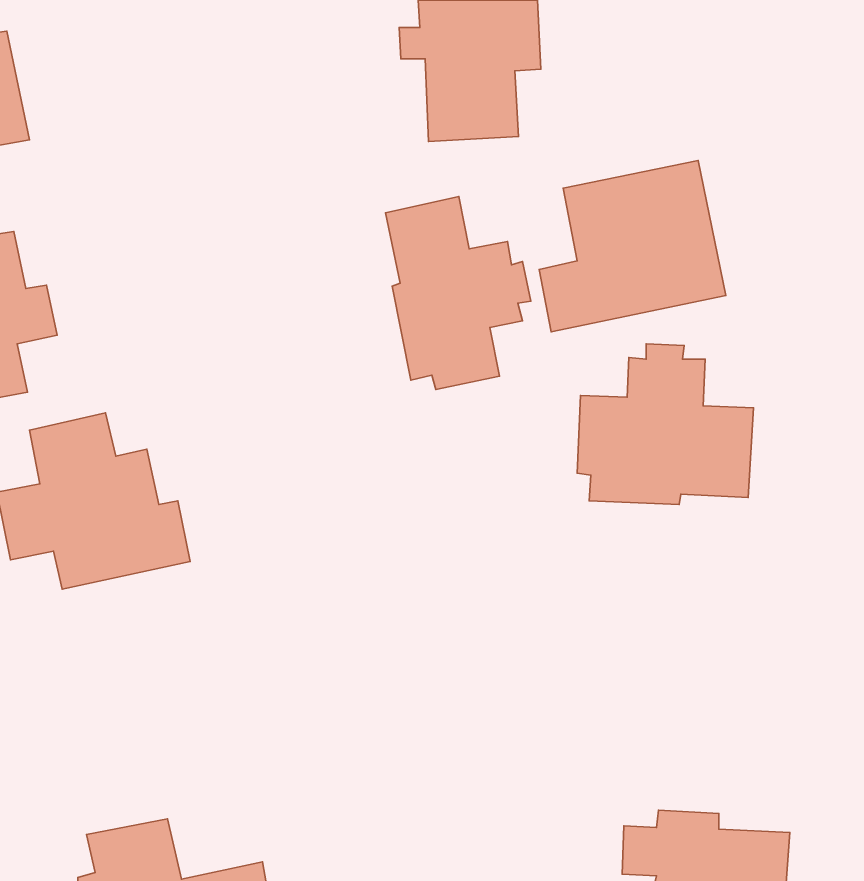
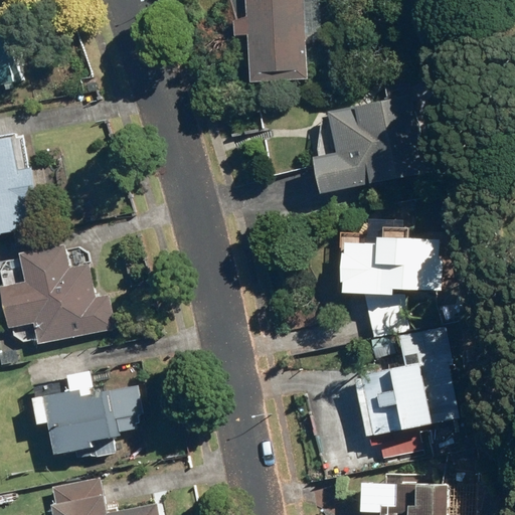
building: [385,197,531,389] -> none
building: none -> [354,327,457,438]
building: none -> [33,371,132,456]

